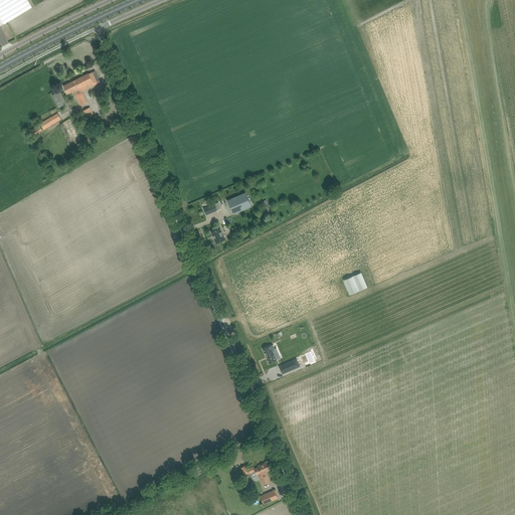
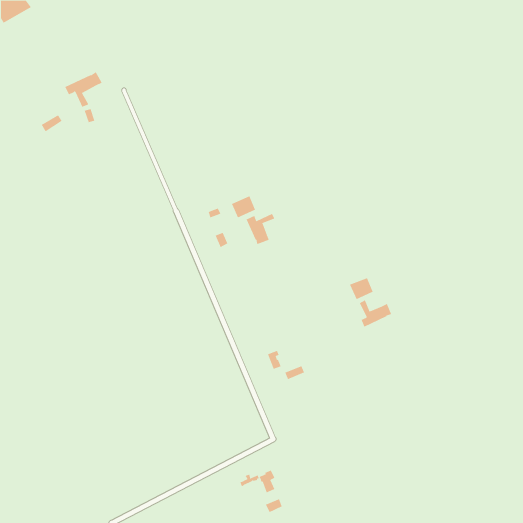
building: none -> [246,213,275,245]
building: none -> [359,300,392,327]

